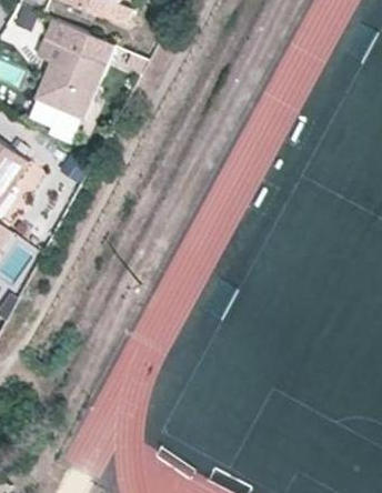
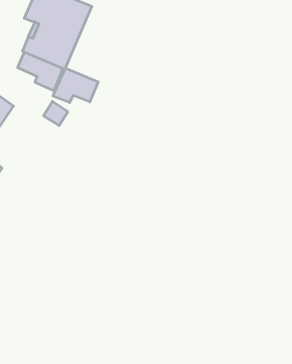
building: none -> [53,68,98,103]

